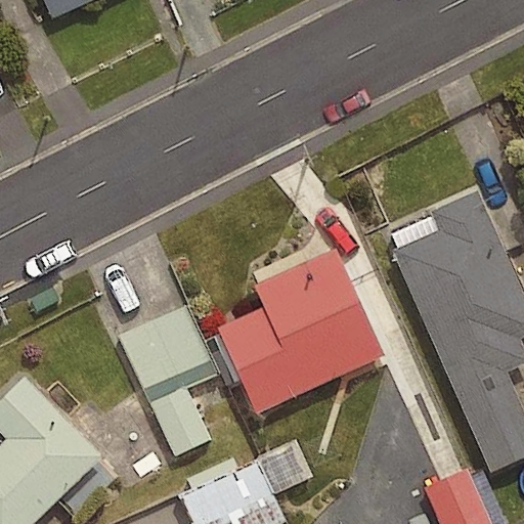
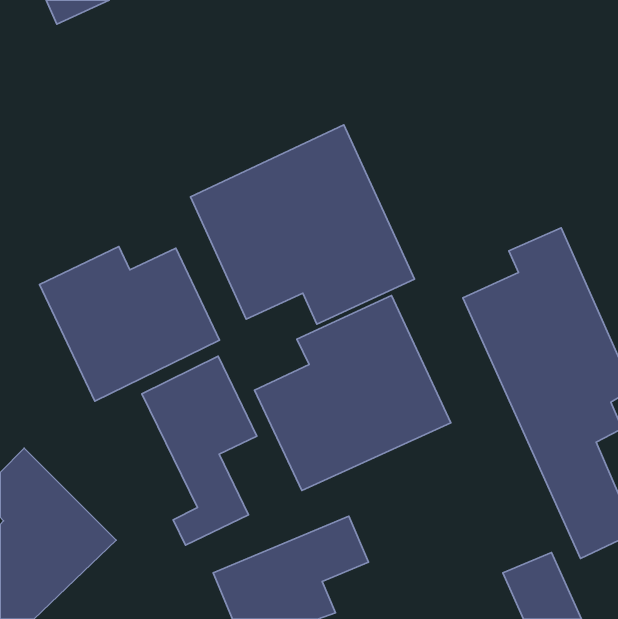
building: none -> [191,125,414,324]
building: none -> [40,246,220,401]

